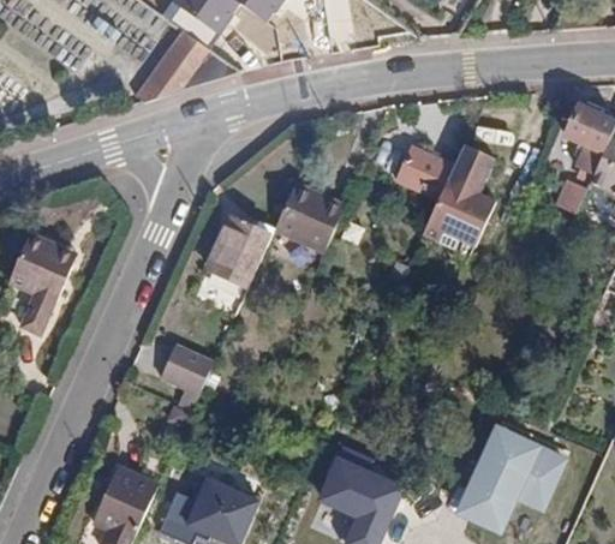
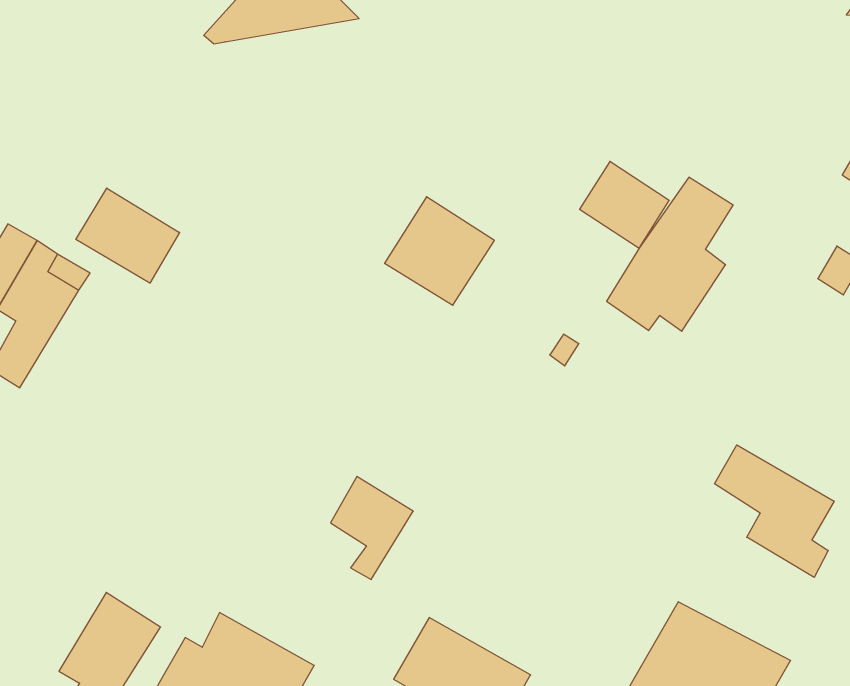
building: none -> [76,188,180,283]
building: [207,216,270,285] -> none
building: none -> [715,445,834,577]
building: [160,343,213,410] -> [331,476,413,580]

